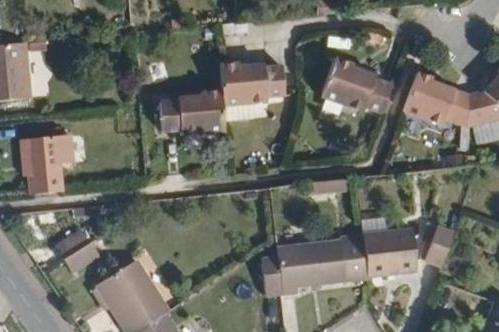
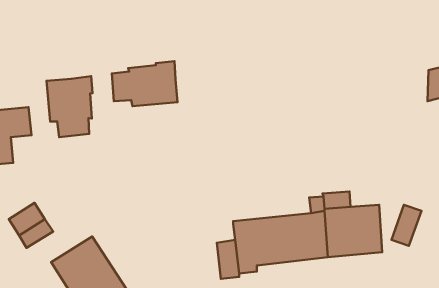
building: [319,56,390,112] -> none
building: [217,61,283,105] -> none
building: [402,72,466,126] -> none
building: none -> [46,76,92,137]

